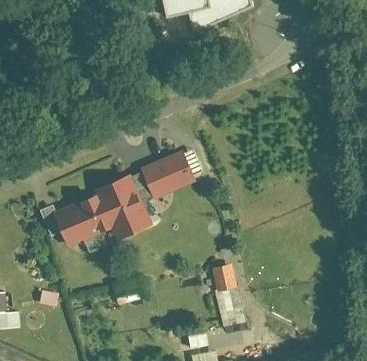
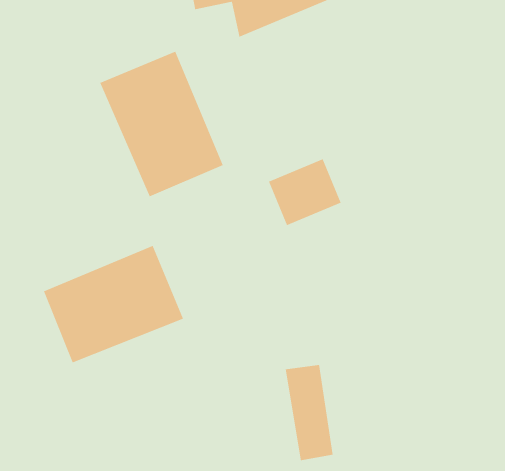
building: none -> [100,51,223,197]
building: [145,149,193,193] -> [268,159,342,226]

